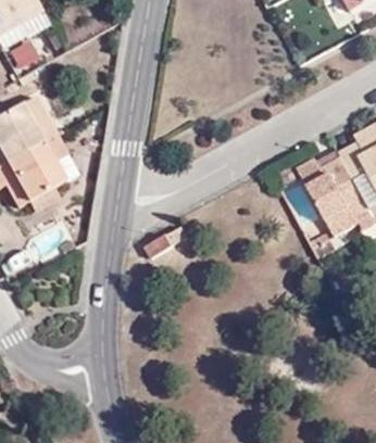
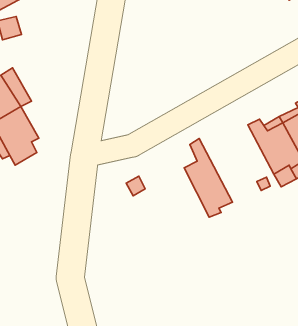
building: none -> [184,139,233,217]

